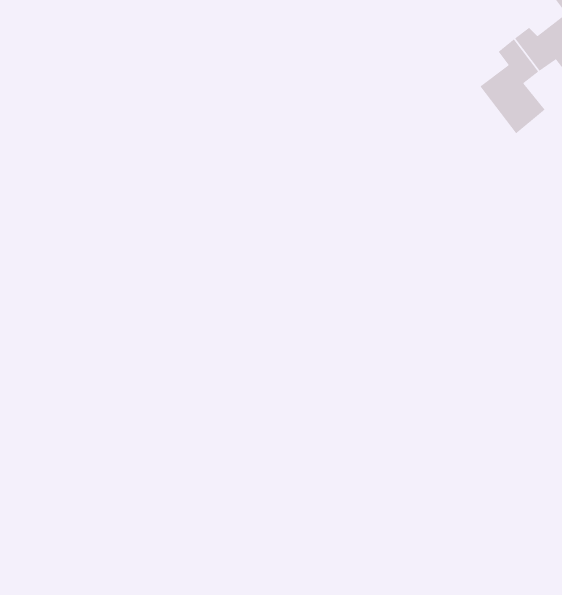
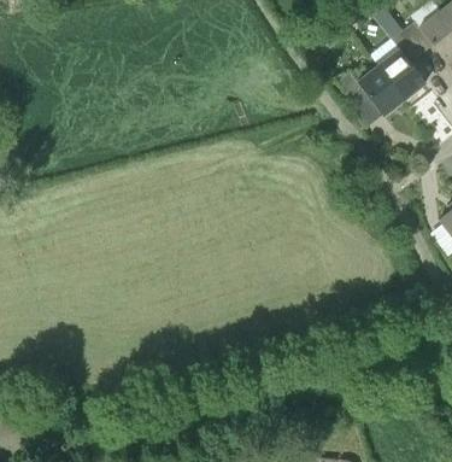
building: none -> [340,65,406,116]

